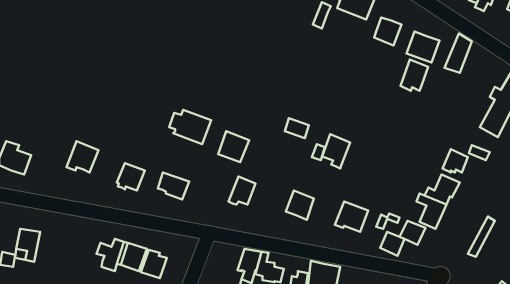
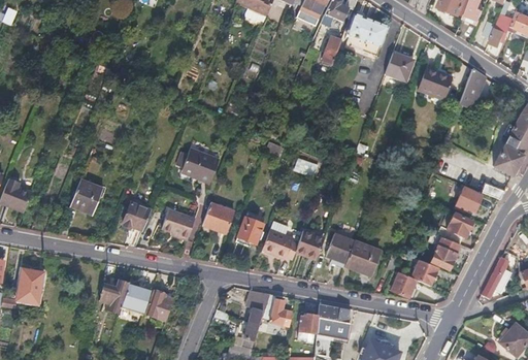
building: [401,59,428,91] -> none
building: [218,131,249,162] -> [203,202,235,234]
building: [322,134,350,169] -> [326,233,355,268]
building: none -> [263,229,298,258]

